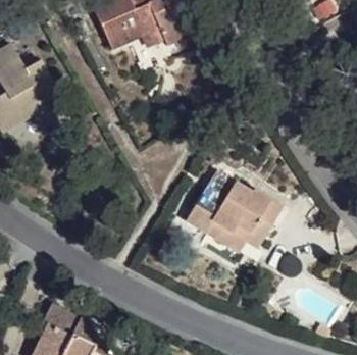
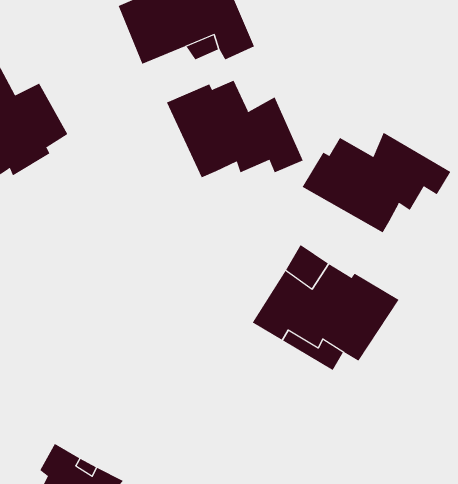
building: none -> [166,80,304,178]
building: none -> [302,132,451,233]

